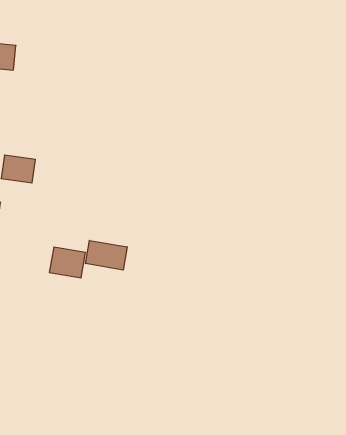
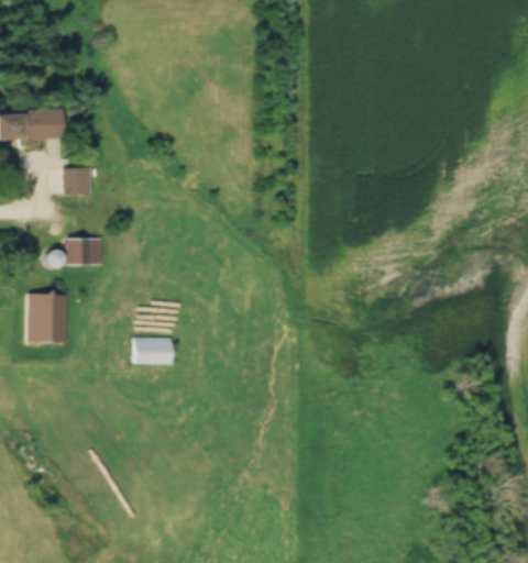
building: none -> [63,167,89,194]
building: [86,240,127,270] -> none

